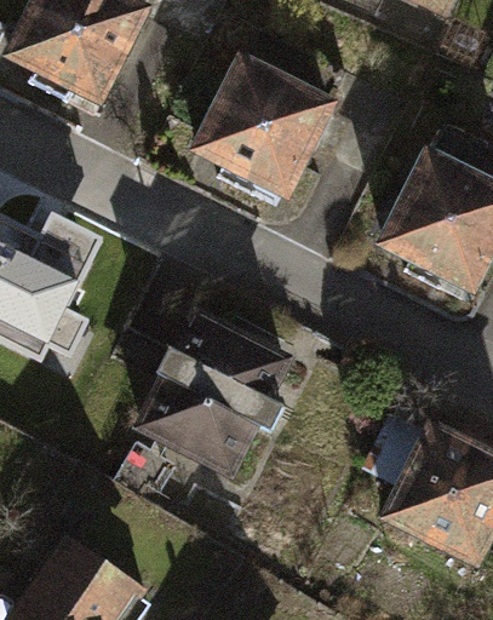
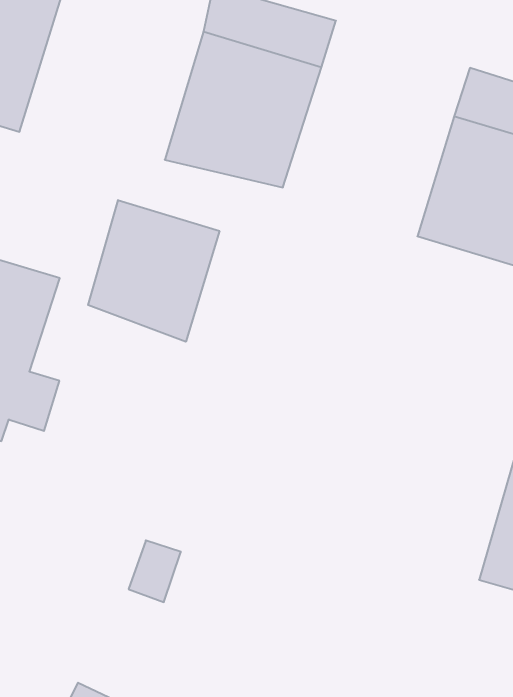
building: none -> [88,200,219,342]
building: [137,318,286,477] -> none

